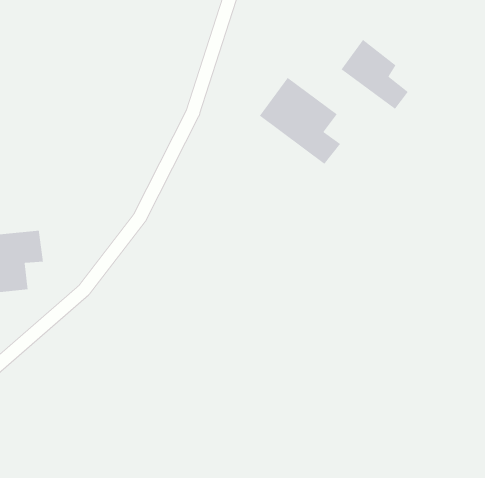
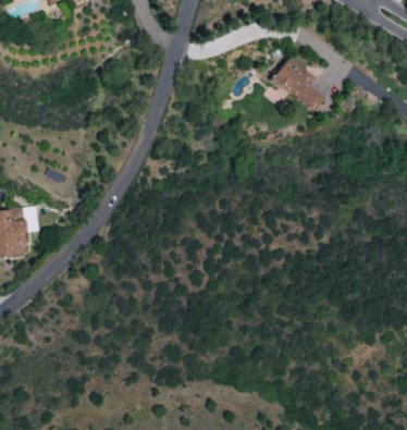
building: [259,77,341,165] -> none

